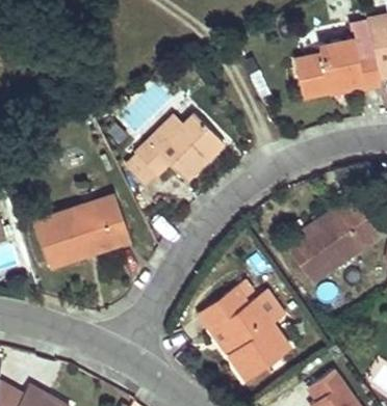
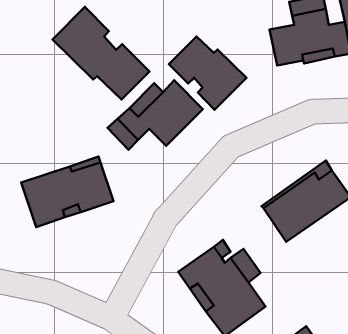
building: none -> [52,7,149,100]
building: none -> [169,36,246,110]

